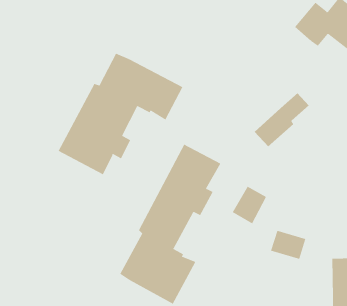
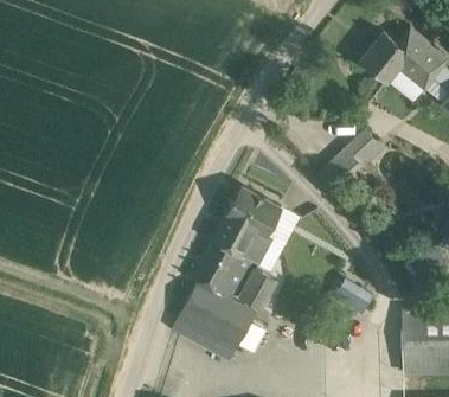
building: [58,53,183,175] -> none
building: [232,186,267,224] -> [238,270,276,312]

